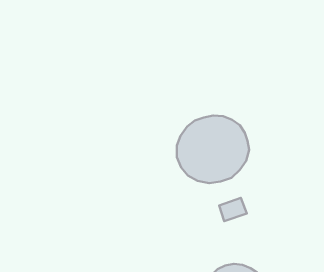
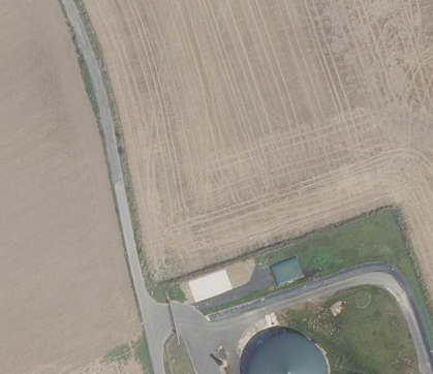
building: [177,115,249,183] -> none

